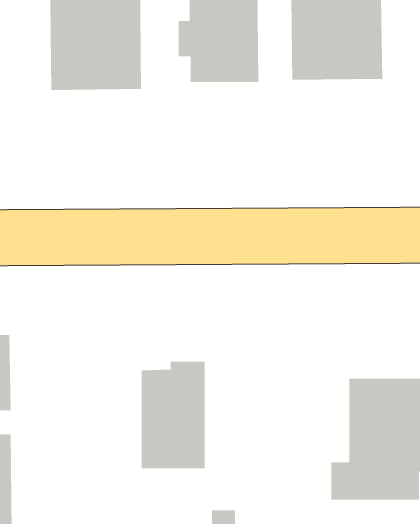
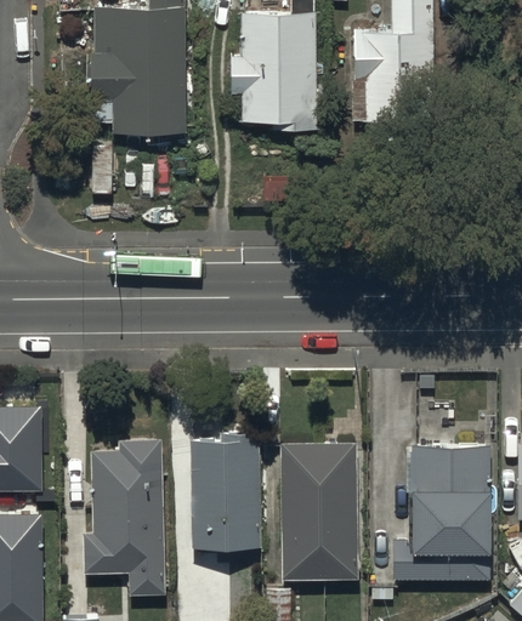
building: none -> [81,440,159,596]
building: none -> [279,441,358,580]

